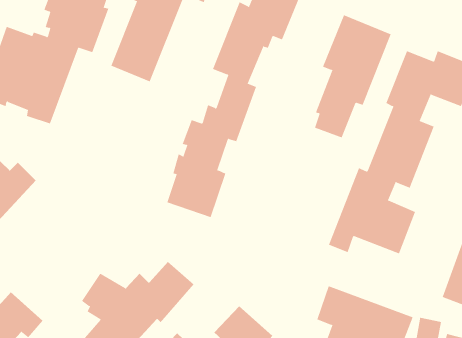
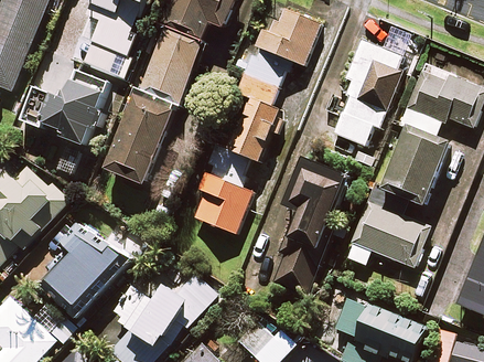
building: none -> [106,96,173,184]
building: none -> [271,159,346,295]
building: none -> [42,224,128,318]

